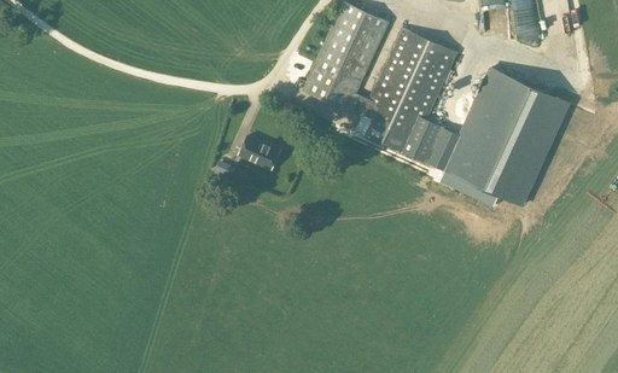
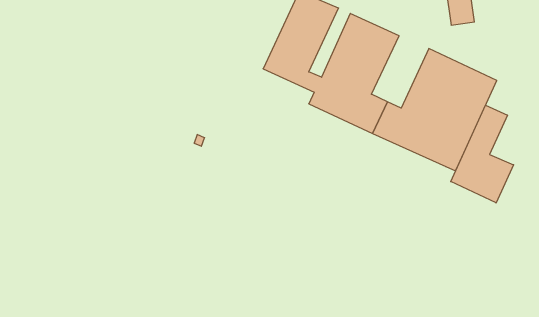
building: none -> [451,105,514,203]
building: [239,136,279,169] -> none

